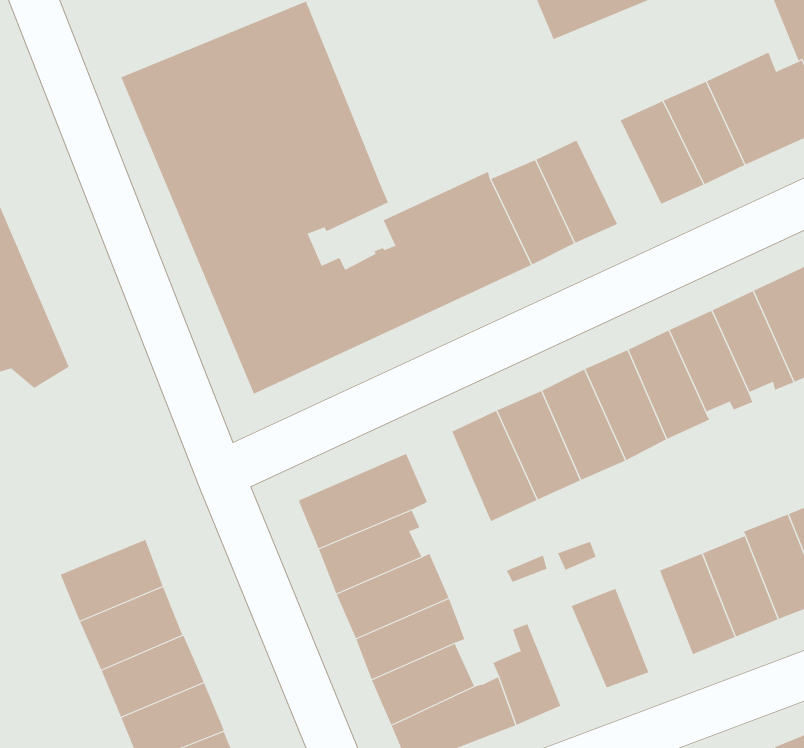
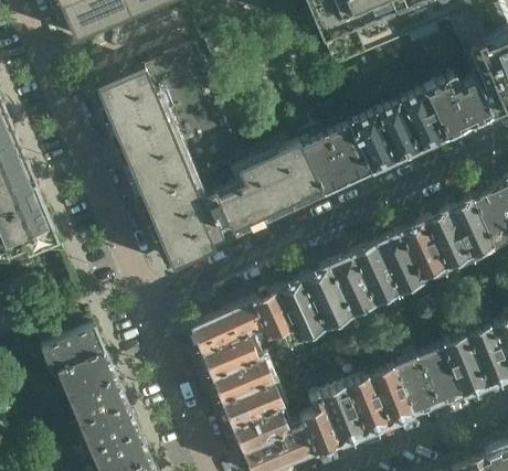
building: none -> [348,115,395,173]
building: none -> [252,290,299,346]
building: none -> [40,325,105,373]
building: none -> [370,368,413,426]
building: none -> [320,388,364,445]

